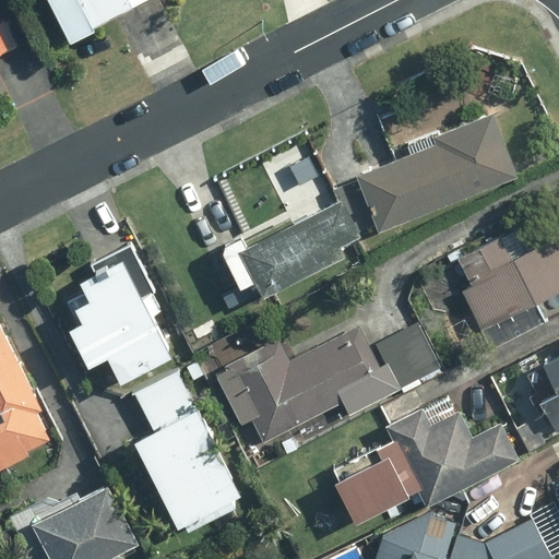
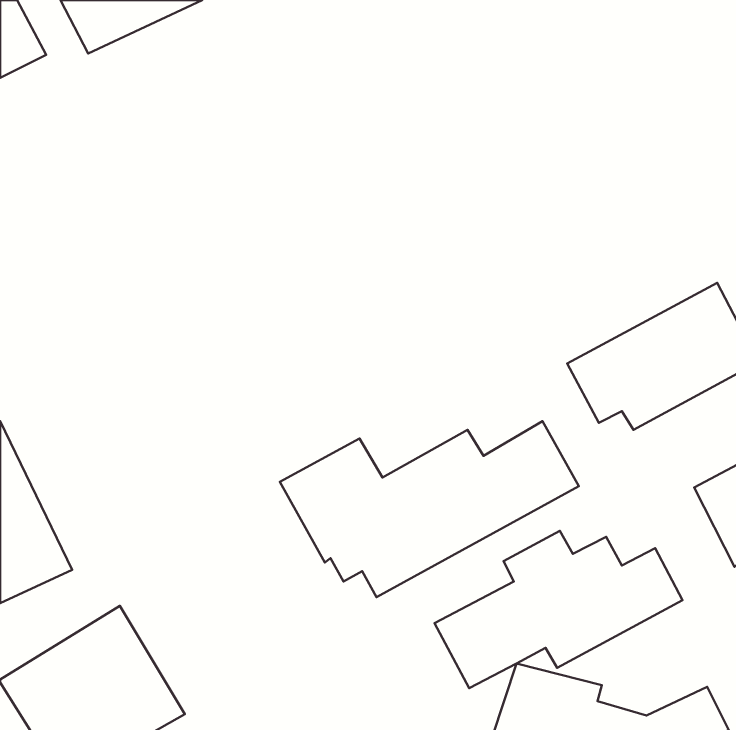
building: [235,111,518,301] -> none
building: [62,246,168,383] -> none
building: [130,372,240,534] -> none

